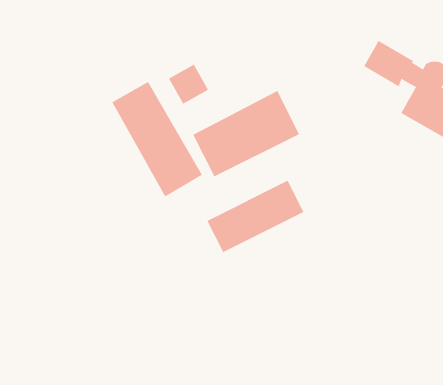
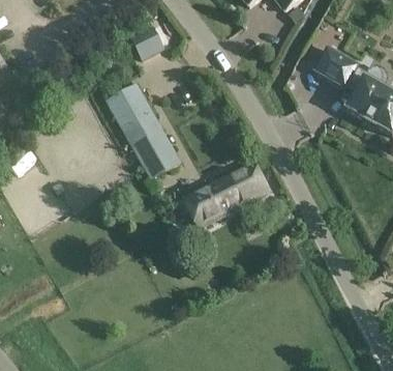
building: [168,64,209,105] -> [127,23,161,57]
building: [193,90,300,177] -> none

